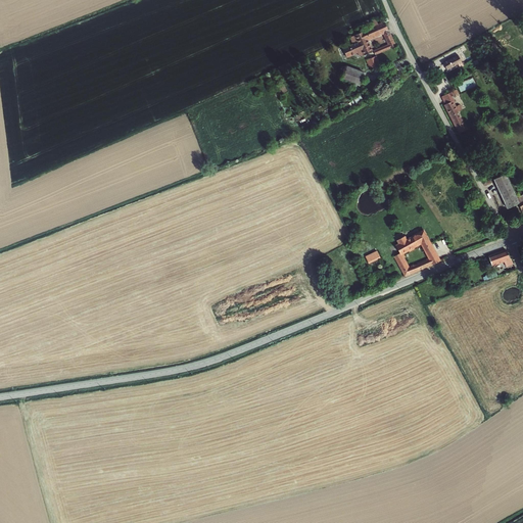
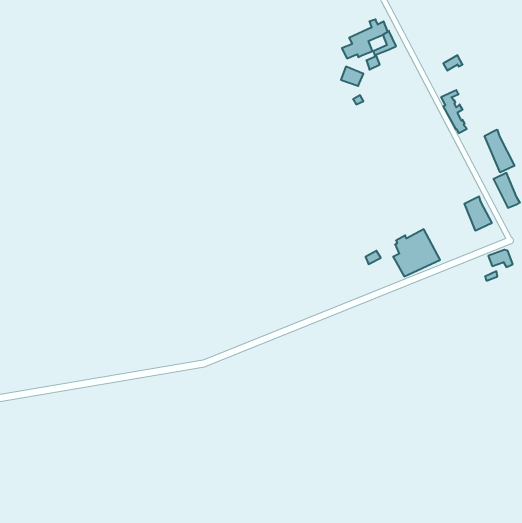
building: none -> [485,130,514,172]
building: none -> [464,196,492,231]

